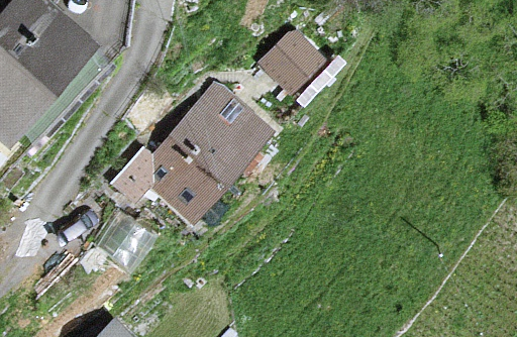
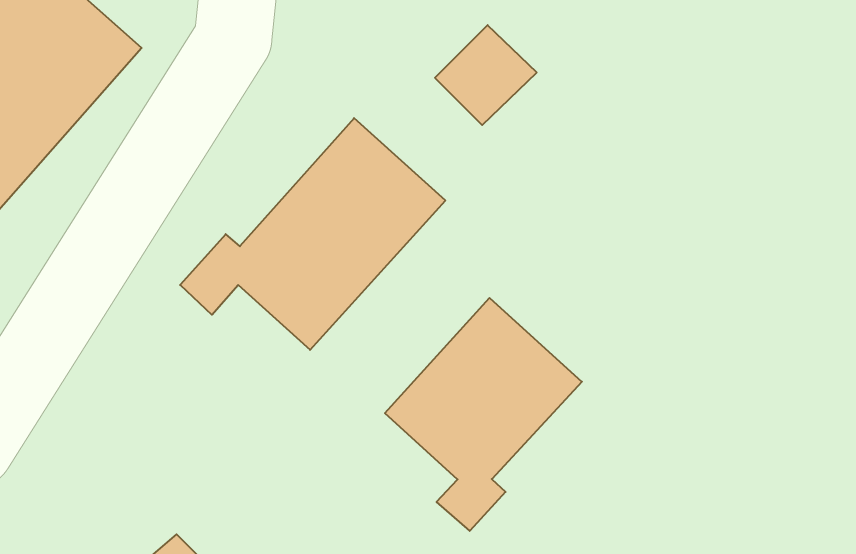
building: none -> [385,298,582,531]

